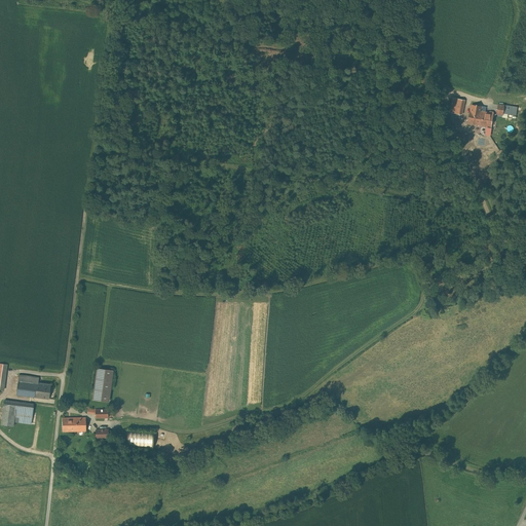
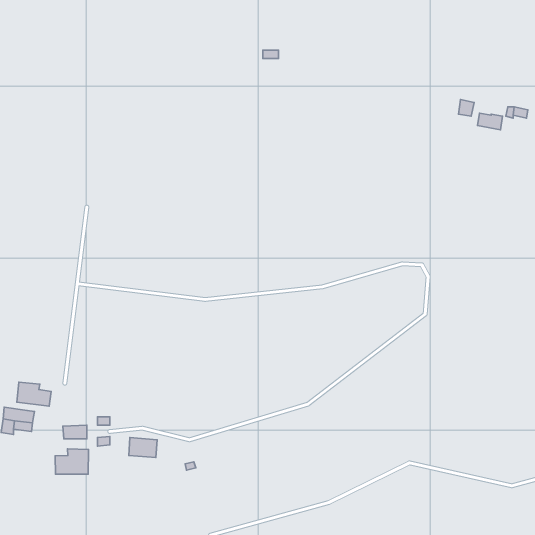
building: [92,369,113,401] -> none
building: none -> [55,449,89,474]

